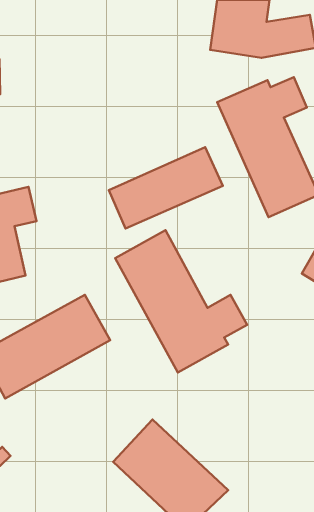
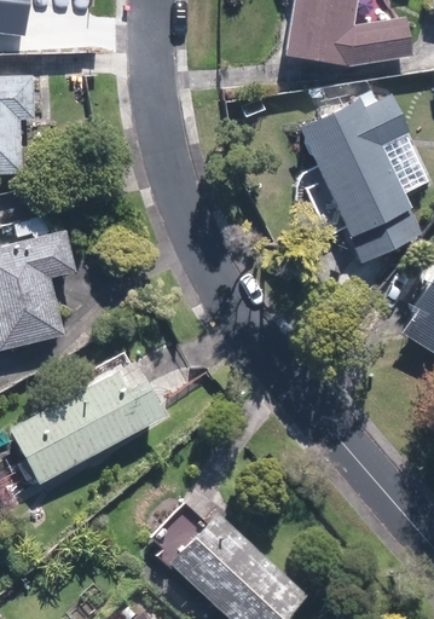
building: [109,147,223,228] -> none
building: [115,230,247,373] -> none

